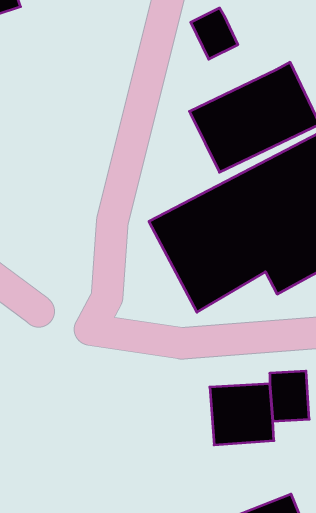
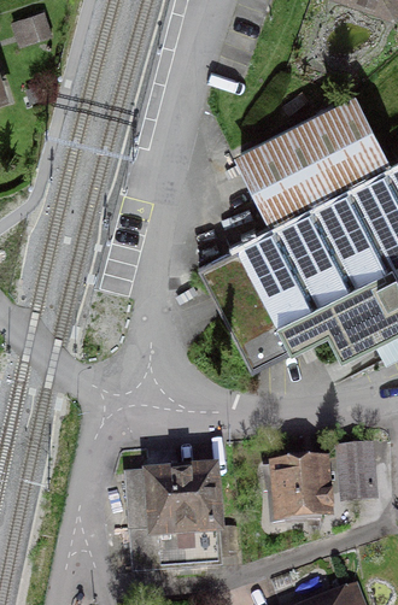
building: [191,8,238,59] -> none
building: none -> [122,464,229,571]

